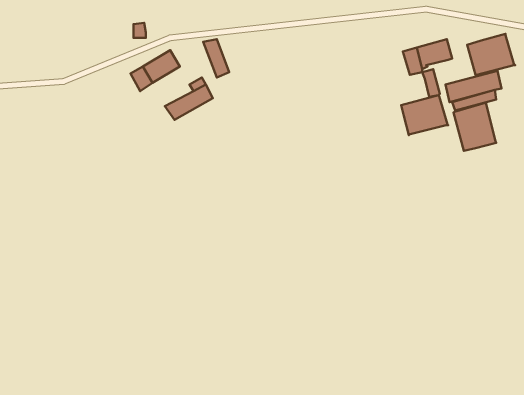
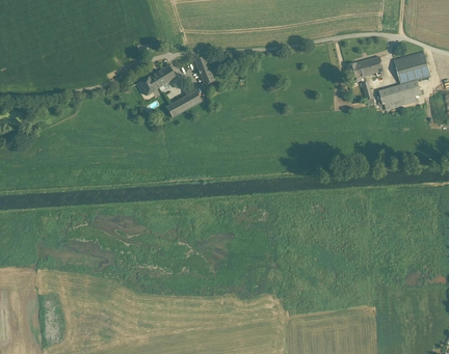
building: [401,95,448,135] -> none
building: [454,102,496,151] -> none

